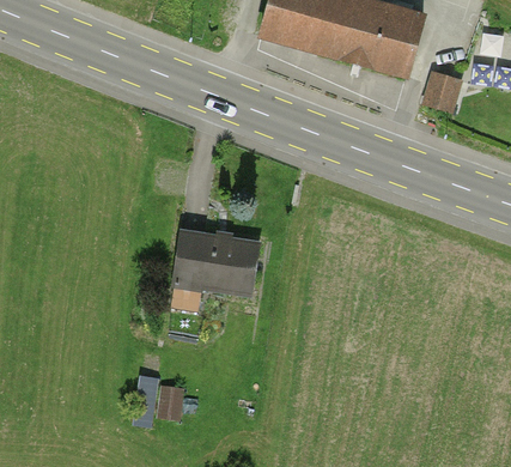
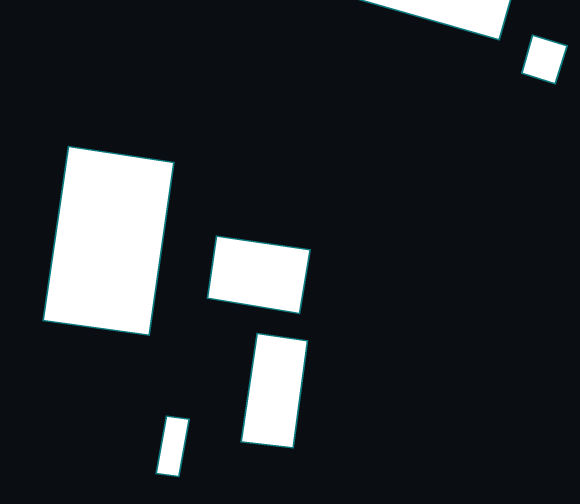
building: none -> [43,146,174,335]
building: none -> [241,333,307,448]

